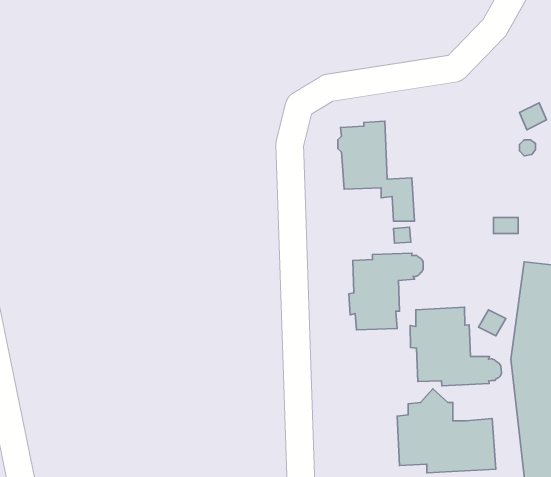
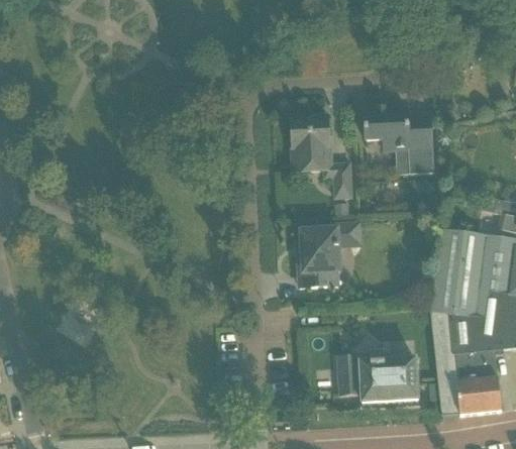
building: none -> [365,104,434,174]
building: [410,307,502,386] -> none

